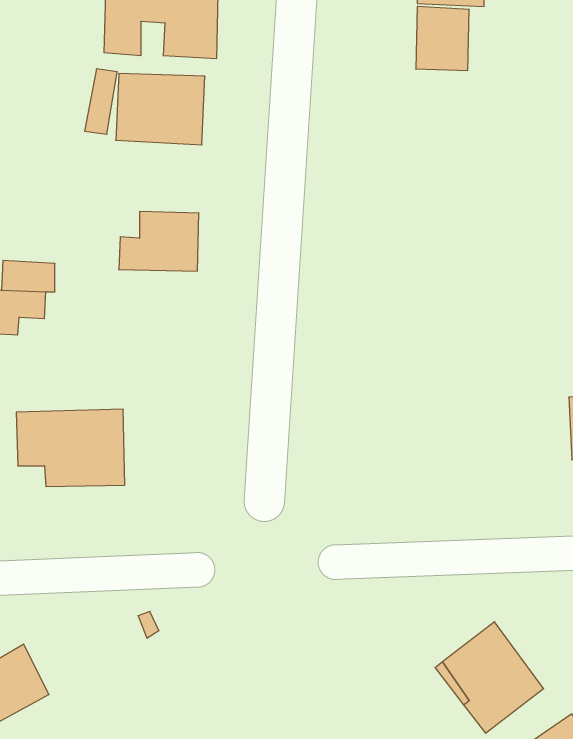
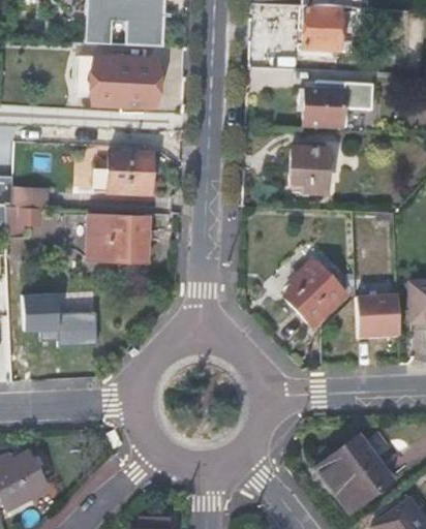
building: none -> [299,85,370,130]
building: none -> [290,149,328,196]
building: none -> [84,213,151,262]
building: none -> [284,260,347,329]
building: none -> [359,293,403,338]

